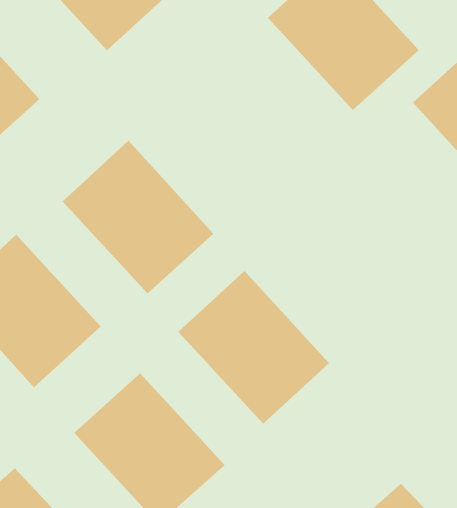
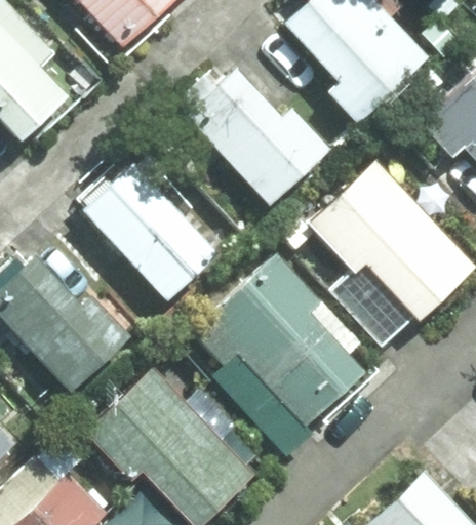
building: none -> [190,53,340,205]
building: none -> [302,172,452,324]

